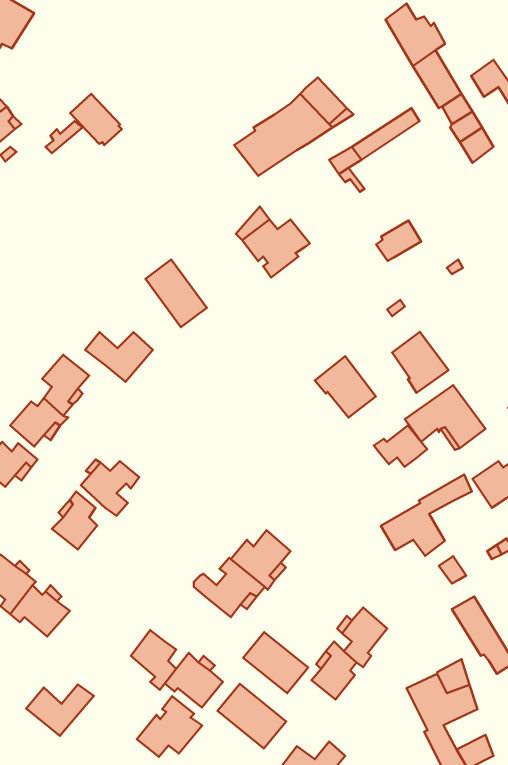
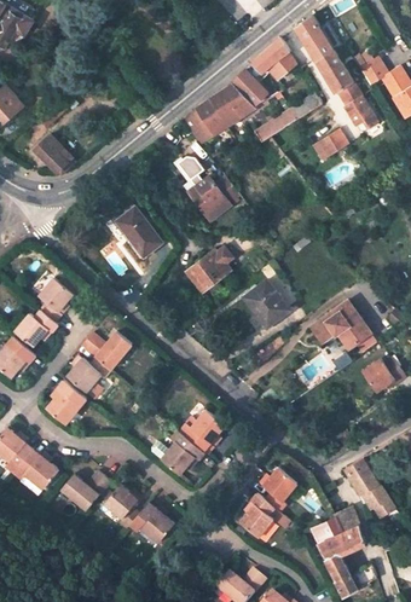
building: none -> [251,37,296,80]
building: [70,94,122,145] -> [34,135,73,174]
building: [376,220,421,261] -> [313,129,347,160]
building: none -> [185,248,231,291]
building: [392,332,448,393] -> none
building: [85,332,153,382] -> [80,332,131,370]
building: [374,426,427,467] -> none
building: [381,474,472,556] -> none
building: [243,632,308,693] -> none
building: [217,684,286,749] -> none
building: [26,684,94,736] -> [59,471,110,510]
building: [137,696,202,757] -> none

